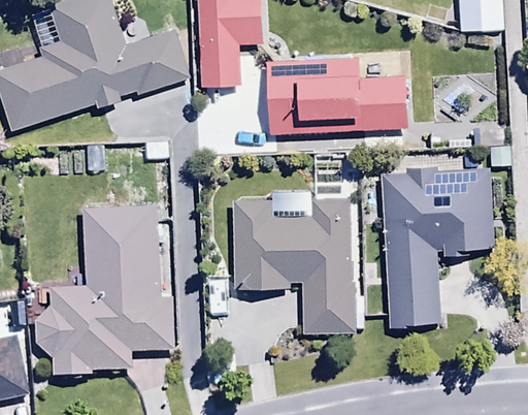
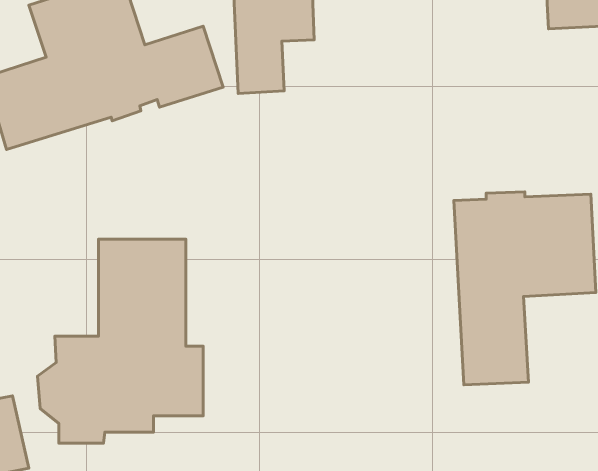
building: [265,56,407,132] -> none
building: [232,199,355,331] -> none

